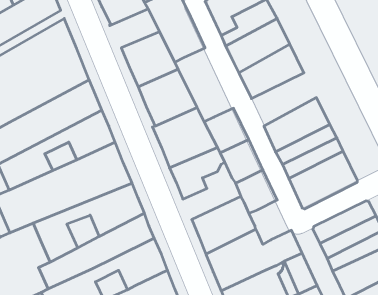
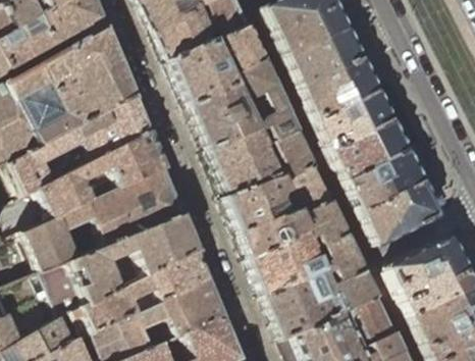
building: none -> [159,16,216,61]
building: none -> [233,61,301,146]
building: none -> [321,90,395,151]
building: none -> [243,210,309,258]
building: none -> [318,236,367,287]
building: none -> [110,253,147,291]

